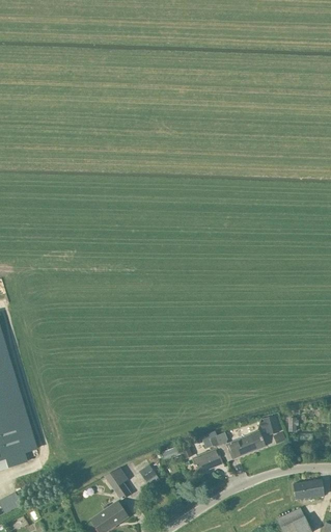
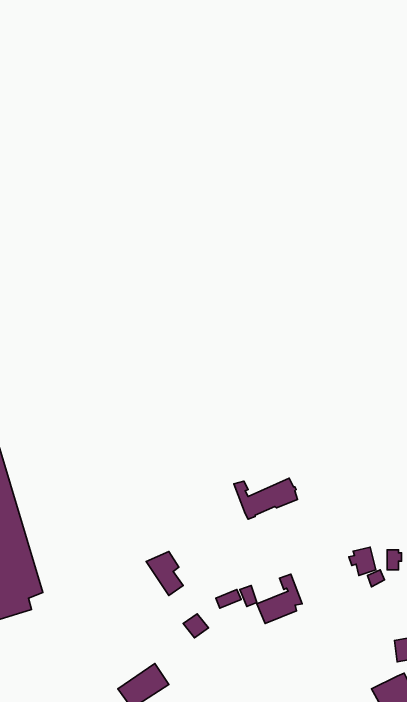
building: [217,431,264,461] -> [234,478,298,519]
building: [104,469,131,501] -> [146,551,183,595]

